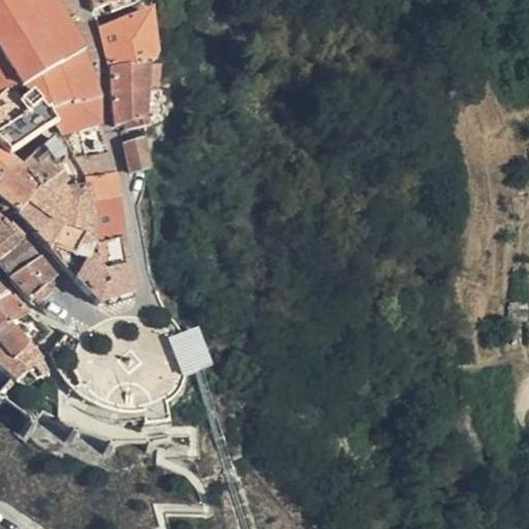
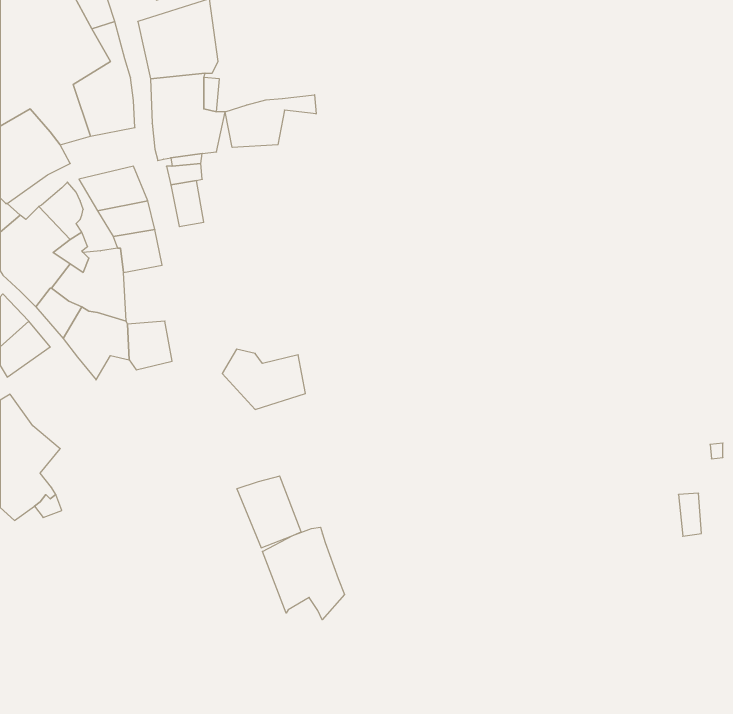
building: none -> [225,95,316,147]
building: [43,92,97,129] -> none
building: [89,191,119,234] -> none
building: [5,250,52,294] -> none
building: [69,256,129,300] -> [222,349,305,409]
building: none -> [262,527,345,620]

